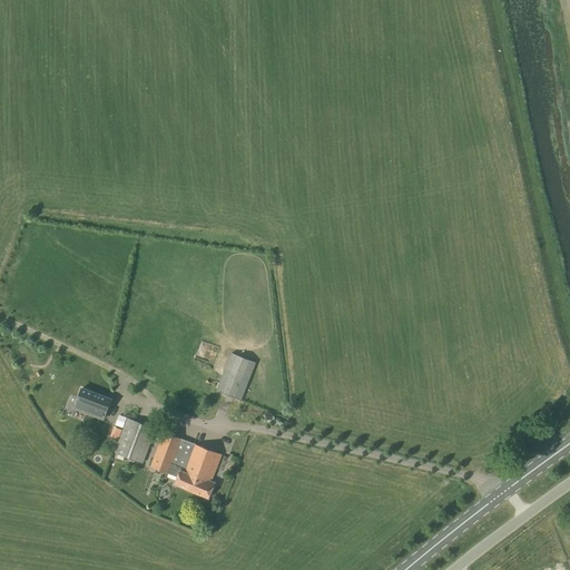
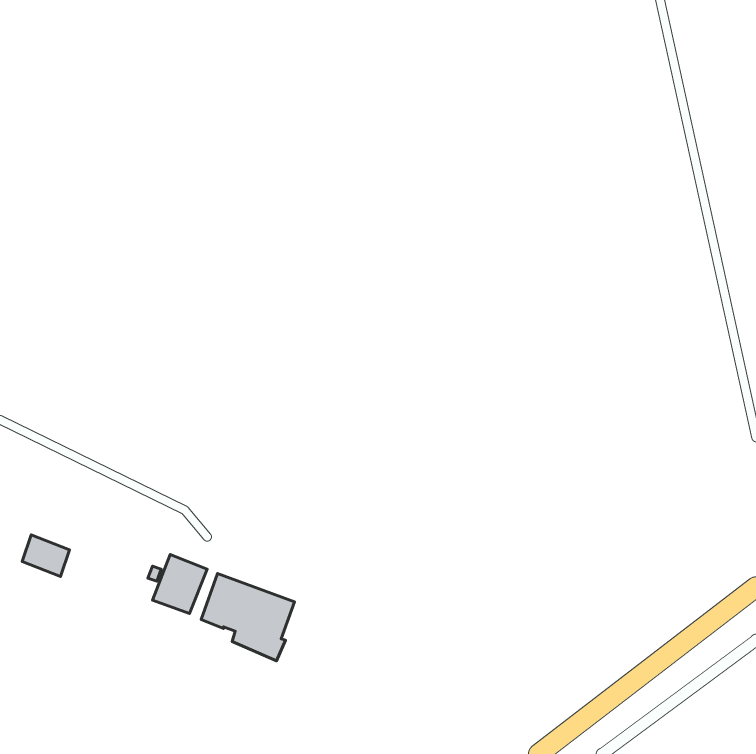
building: [217,352,255,400] -> none
building: [75,387,110,419] -> [22,535,69,576]

